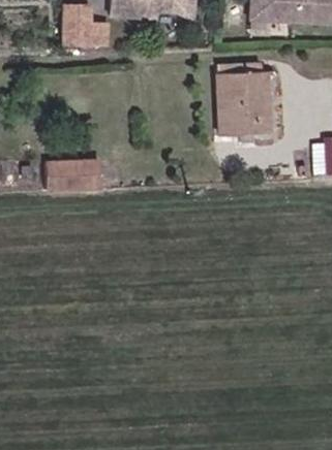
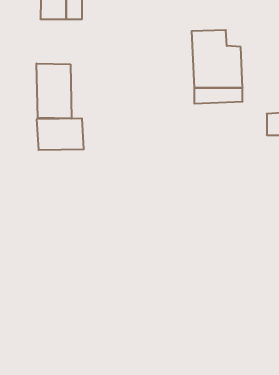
building: none -> [37,63,72,119]

